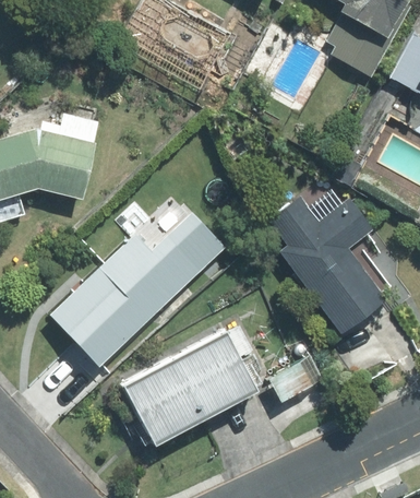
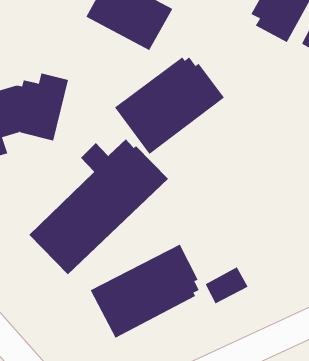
building: none -> [114,57,225,155]
building: [268,192,392,332] -> none

